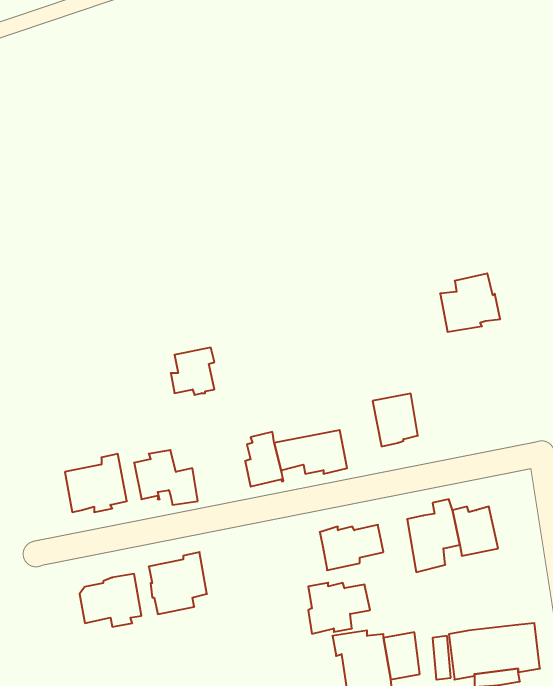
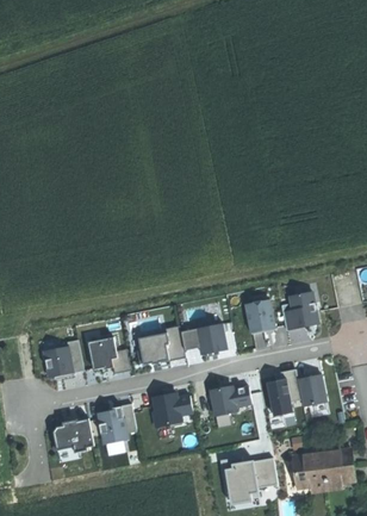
building: [440,273,500,332] -> [280,292,319,330]
building: [171,348,214,395] -> [136,334,164,365]
building: [308,583,370,634] -> [153,394,193,428]

